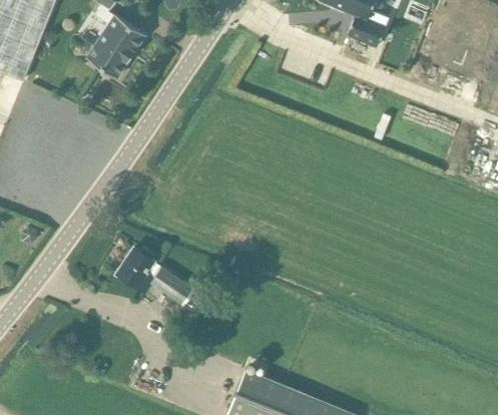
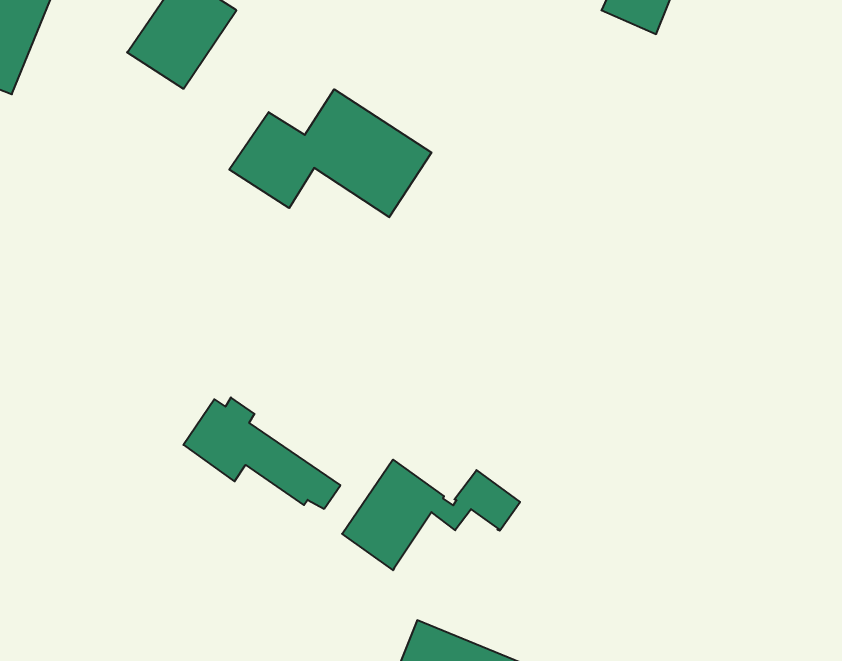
building: none -> [229,89,431,217]
building: none -> [342,460,520,570]

